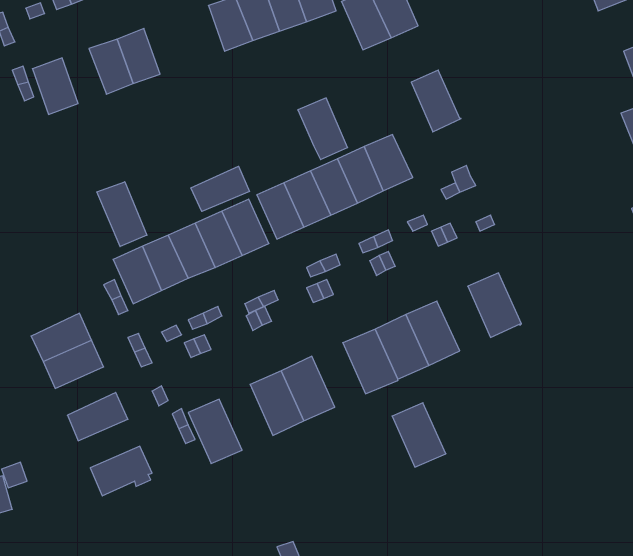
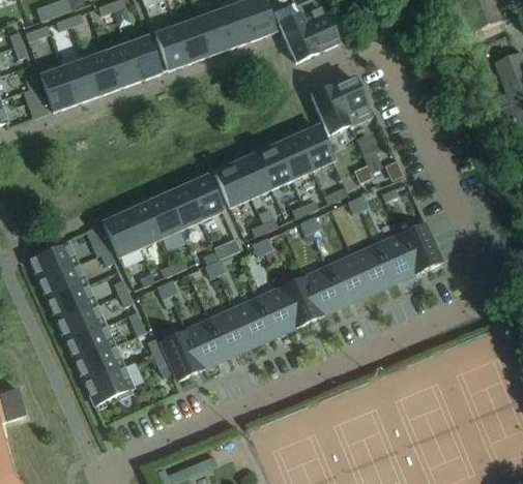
building: none -> [154,27,188,69]
building: none -> [126,37,161,80]
building: none -> [63,60,97,102]
building: [298,98,348,160] -> [311,86,349,133]
building: [191,166,250,211] -> none
building: [97,182,147,247] -> none
building: none -> [400,222,441,272]
building: none -> [30,243,77,281]
building: none -> [352,243,394,293]
building: none -> [58,305,105,342]
building: none -> [184,319,226,369]
building: [392,403,446,467] -> [256,286,297,336]
building: none -> [76,345,123,383]

